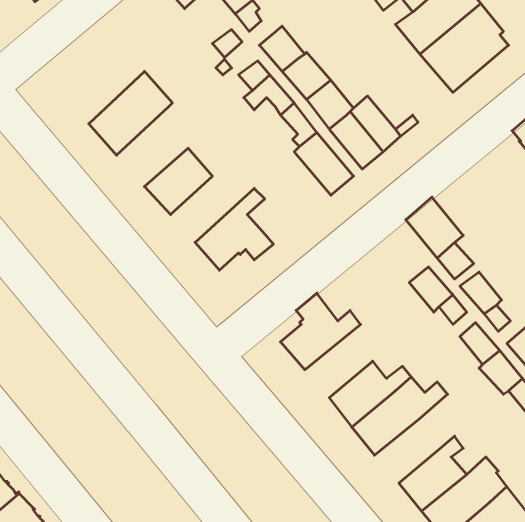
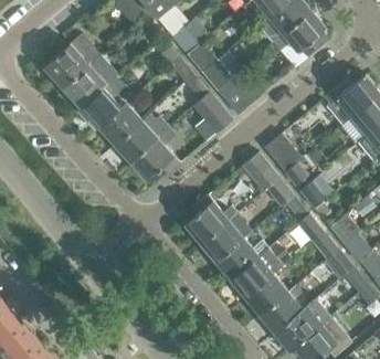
building: none -> [44,34,98,87]
building: none -> [81,76,133,127]
building: none -> [115,114,168,162]
building: none -> [242,152,278,190]
building: none -> [200,214,250,261]
building: none -> [244,274,287,315]

